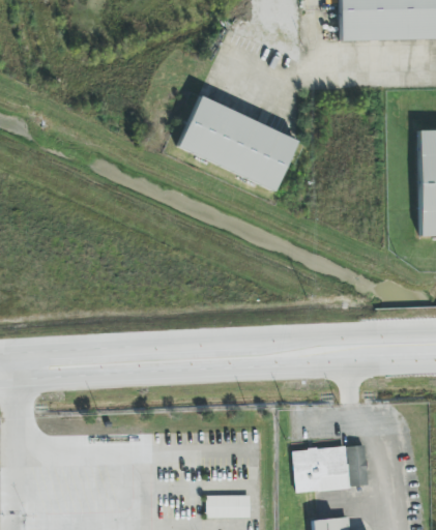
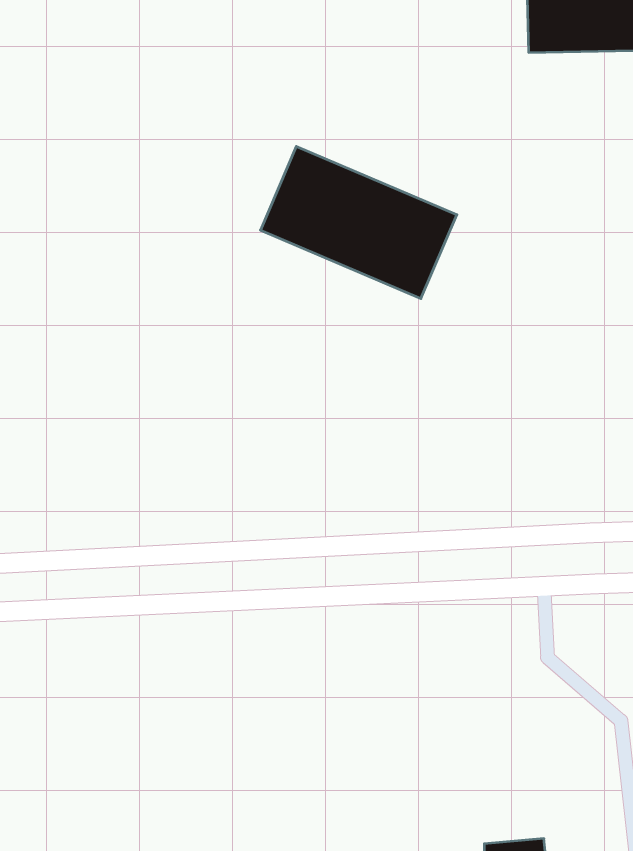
building: [292,445,368,492] -> none
building: [207,495,251,518] -> none

